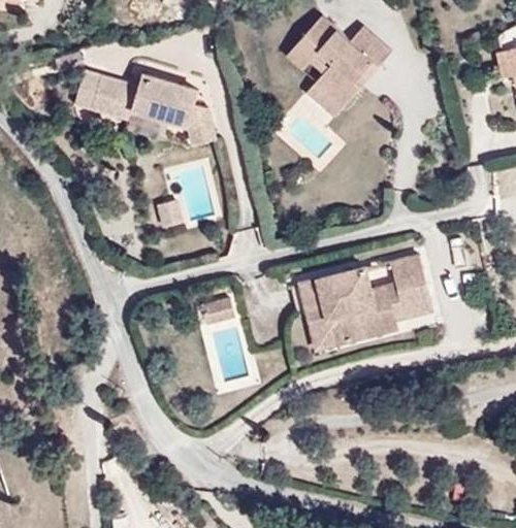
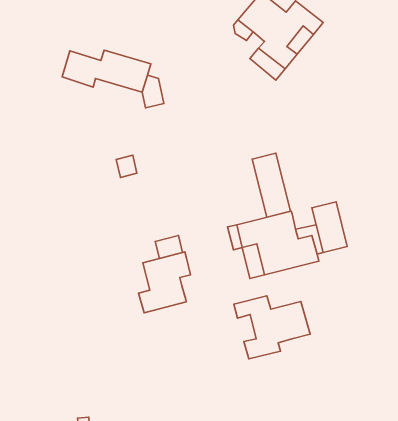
building: none -> [252,153,290,217]
building: none -> [139,252,191,313]
building: none -> [234,296,310,359]

